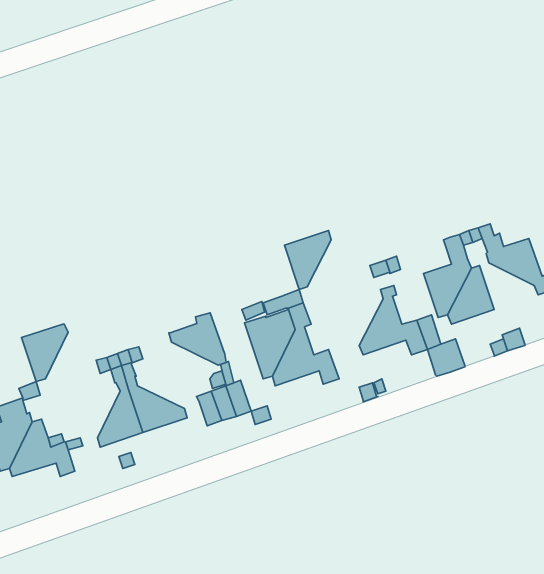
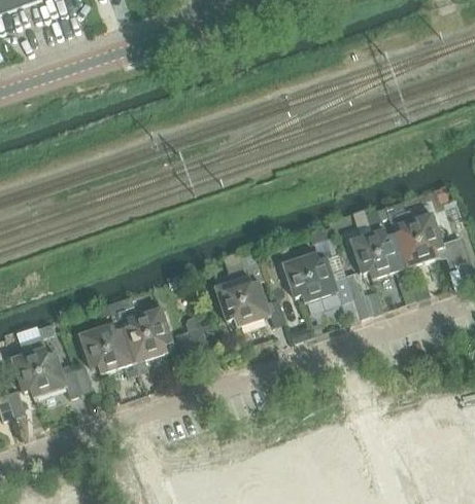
building: [284,231,331,289] -> [283,253,319,298]
building: none -> [394,232,439,268]
building: [169,313,226,365] -> [128,304,172,345]
building: [21,324,68,382] -> [80,325,116,369]

